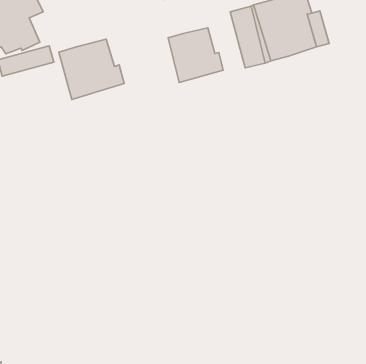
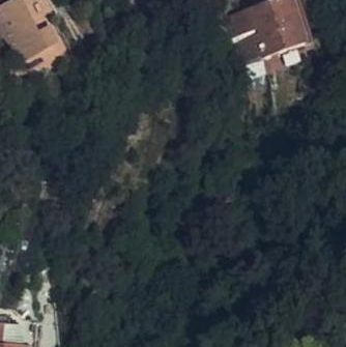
building: [168,28,223,83] -> none
building: [59,39,124,100] -> none

